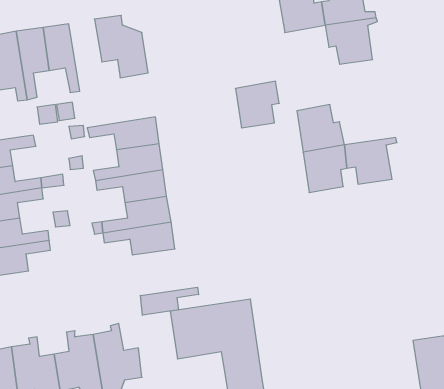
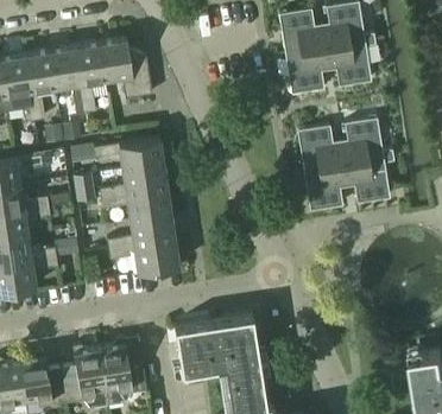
building: none -> [75,42,107,112]
building: [235,81,279,128] -> [285,47,328,93]
building: none -> [339,117,393,164]
building: [140,287,199,315] -> none

